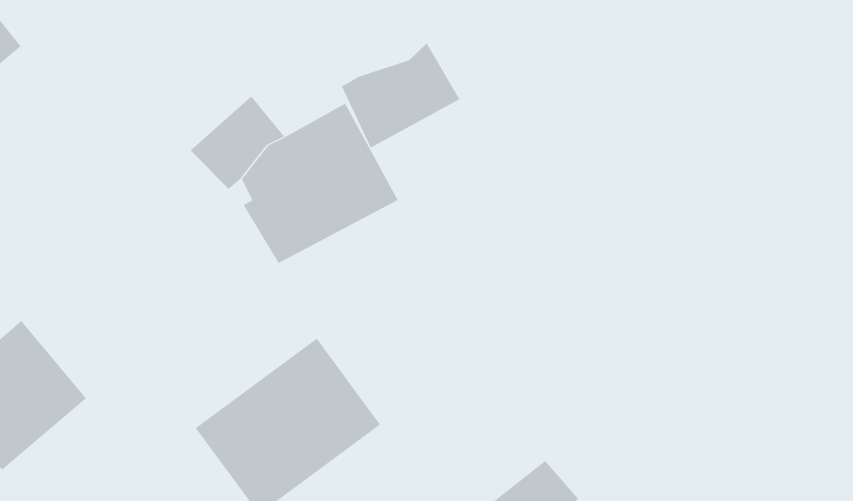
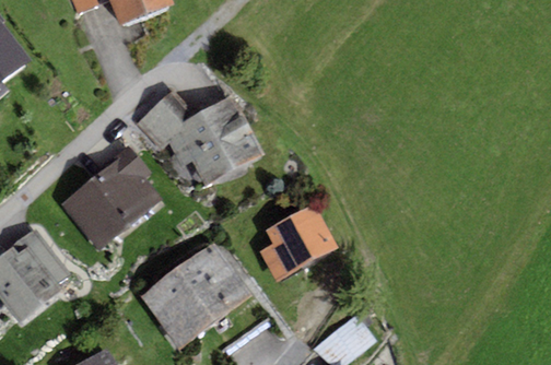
building: [341,43,460,148] -> none
building: none -> [60,146,161,250]
building: none -> [258,202,337,281]

